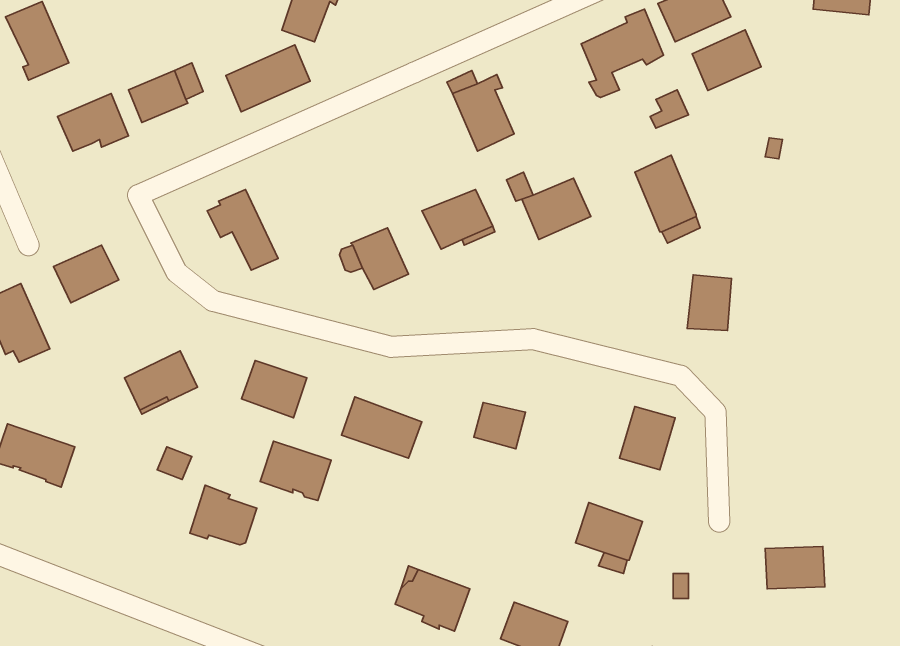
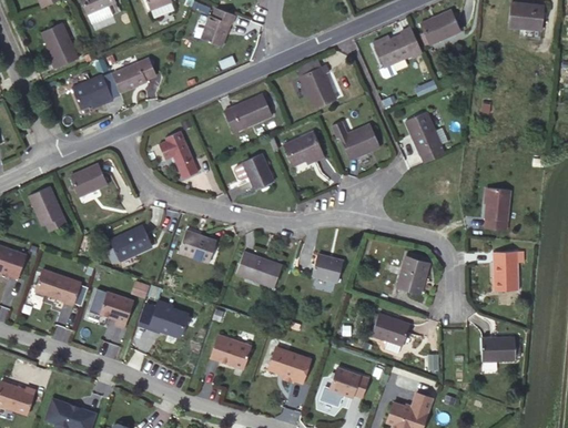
building: [692,30,761,91] -> none
building: [226,45,310,112] -> [224,93,273,132]
building: [687,275,731,330] -> [485,187,510,220]
building: none -> [494,251,523,291]
building: [260,441,331,501] -> [210,336,251,370]
building: none -> [100,293,133,328]

